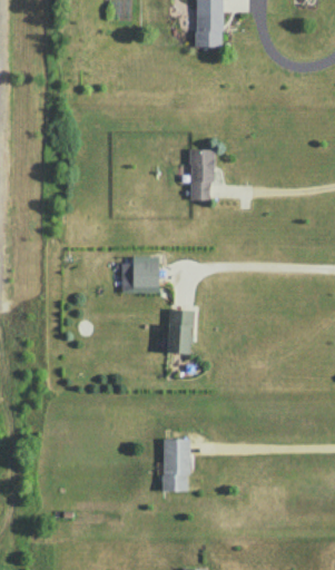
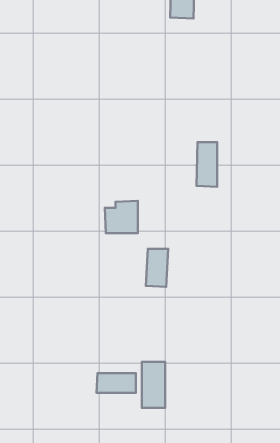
building: [190,149,214,200] -> [197,142,217,187]
building: none -> [97,373,136,393]

